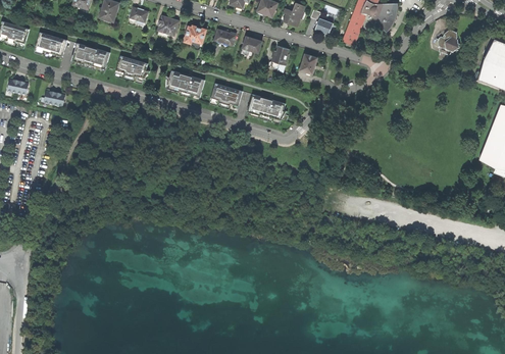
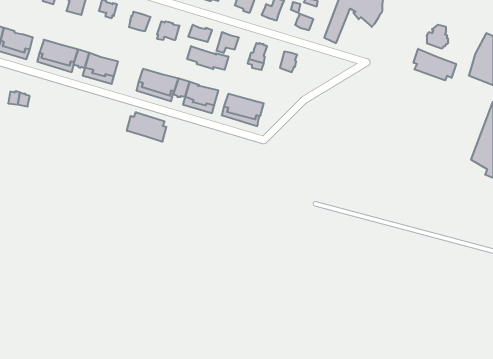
building: none -> [187,46,228,70]
building: none -> [414,49,456,80]
building: none -> [127,112,166,142]

